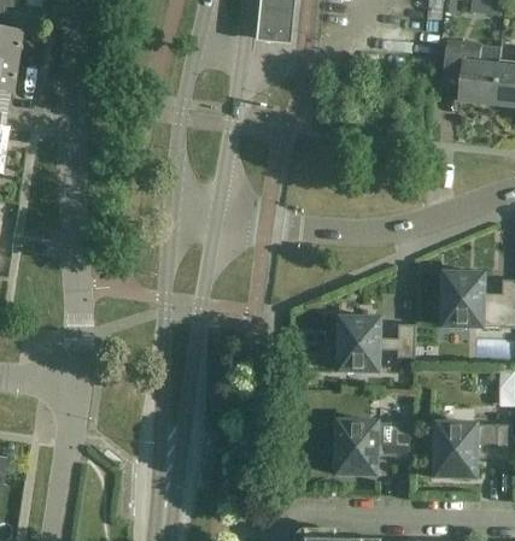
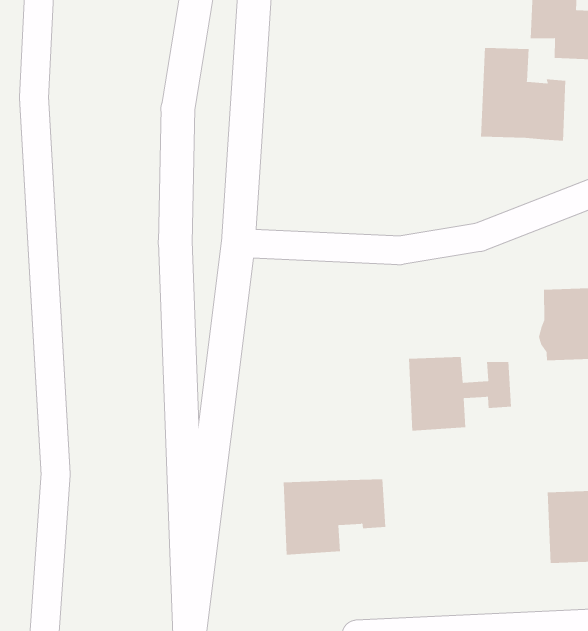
building: none -> [481,47,566,142]
building: [335,419,411,474] -> [283,479,386,555]

